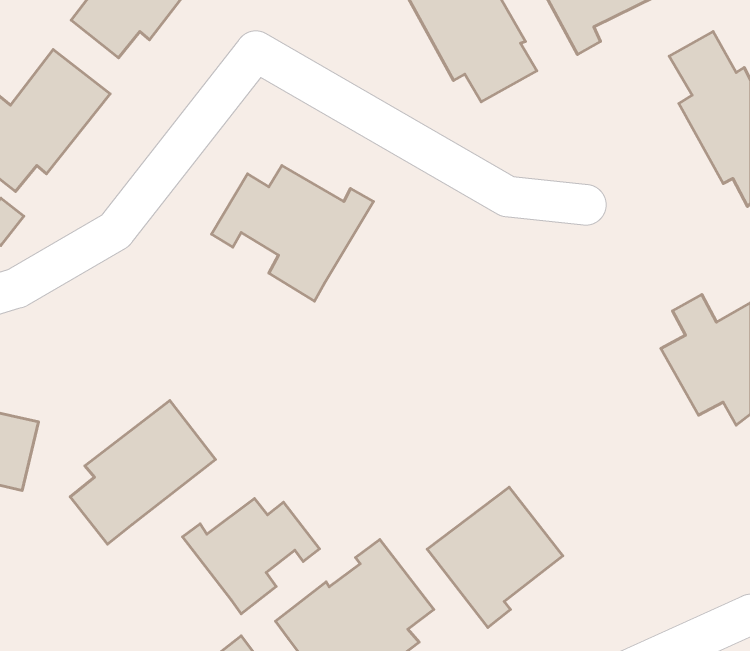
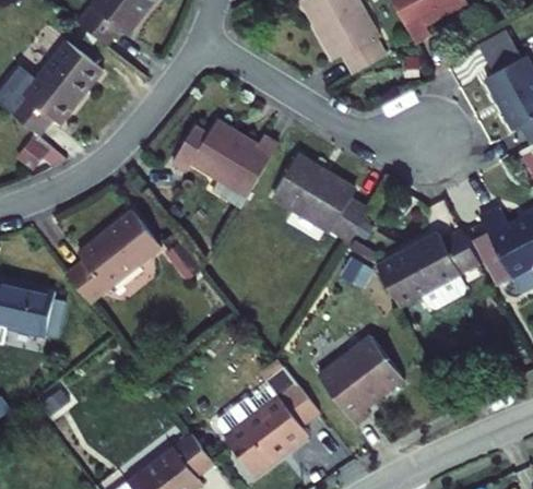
building: none -> [271,152,371,243]
building: none -> [377,228,481,312]
building: [70,401,215,544] -> [66,208,163,305]
building: [183,499,319,614] -> none

